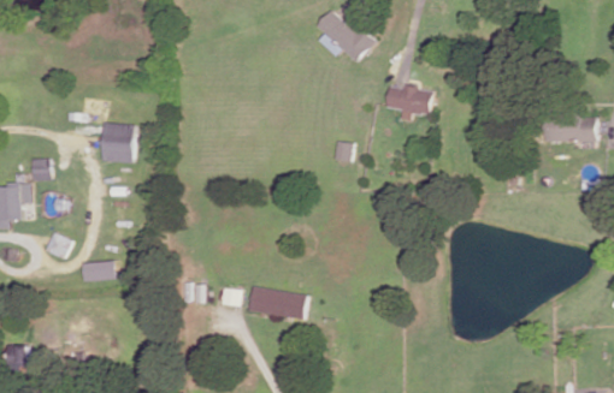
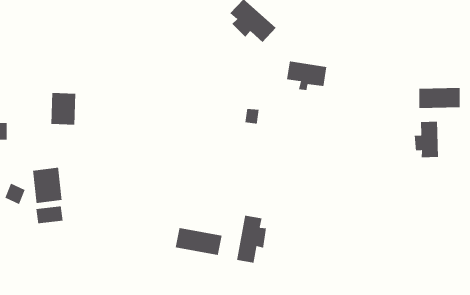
building: none -> [414,121,438,158]
building: none -> [32,167,62,204]
building: none -> [236,215,266,264]

